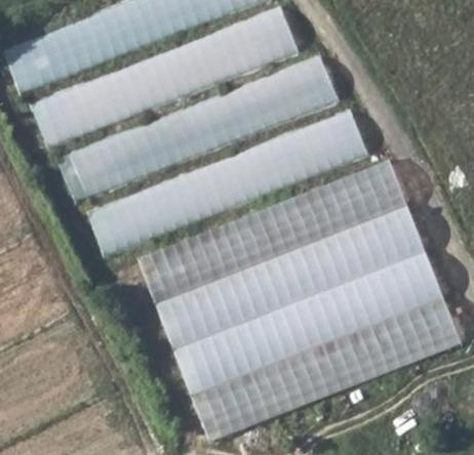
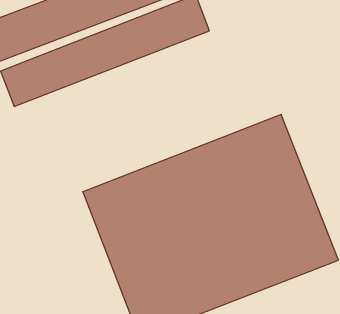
building: [62,55,340,200] -> none
building: [89,108,369,255] -> none

